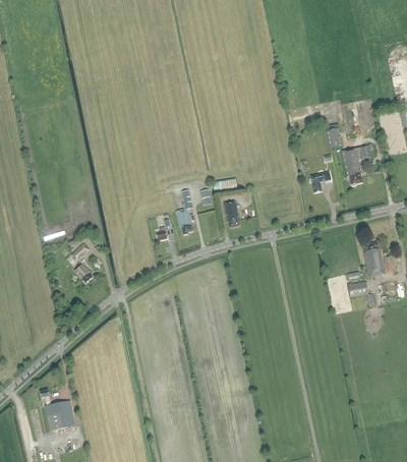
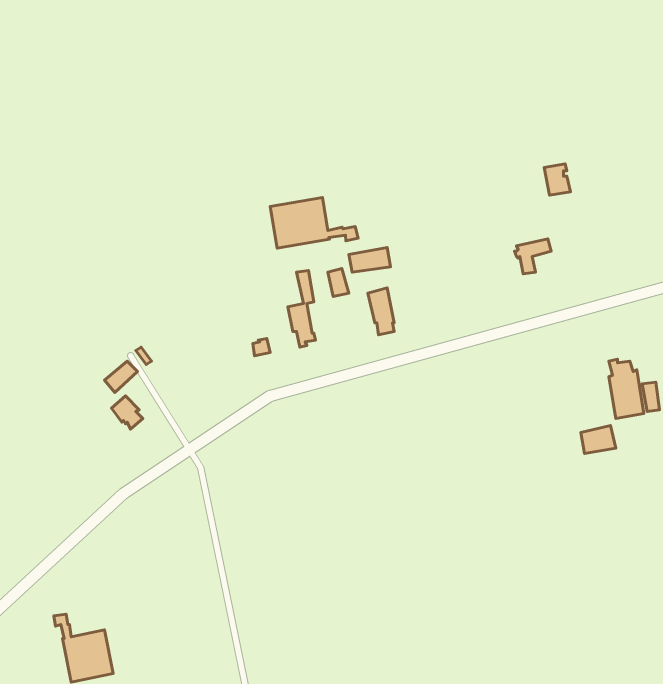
building: [342,141,373,185] -> none
building: none -> [270,197,358,248]

